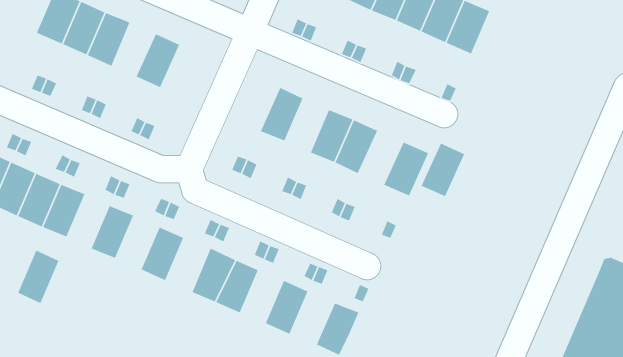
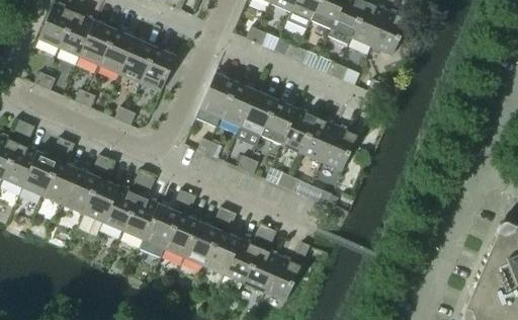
building: none -> [100,29,136,74]
building: none -> [140,48,176,92]
building: none -> [196,73,237,127]
building: none -> [241,91,276,136]
building: [420,142,465,197] -> [300,117,337,162]
building: none -> [103,186,139,231]
building: none -> [144,205,180,249]
building: [17,249,59,304] -> [64,169,98,214]
building: none -> [204,231,240,274]
building: none -> [245,248,281,292]

